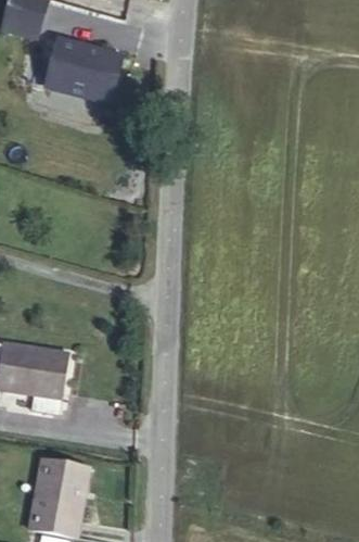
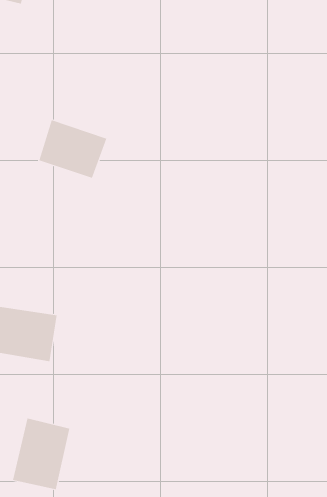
building: [47,41,117,102] -> [39,119,107,179]

